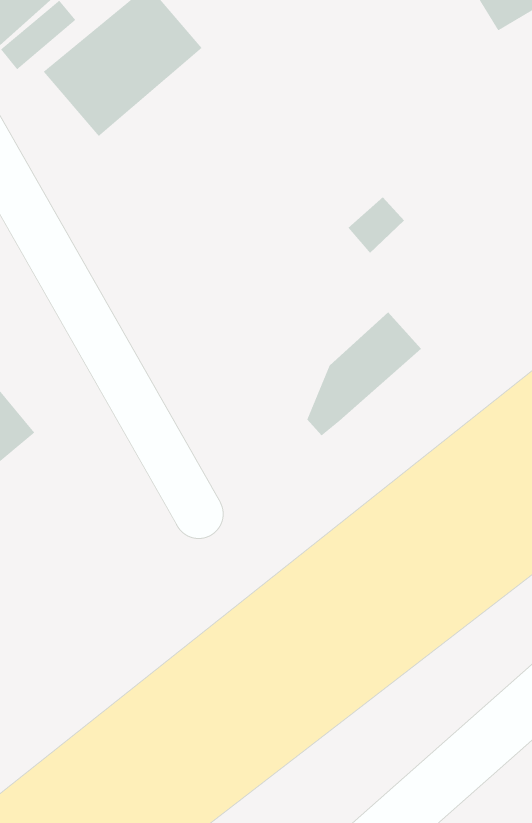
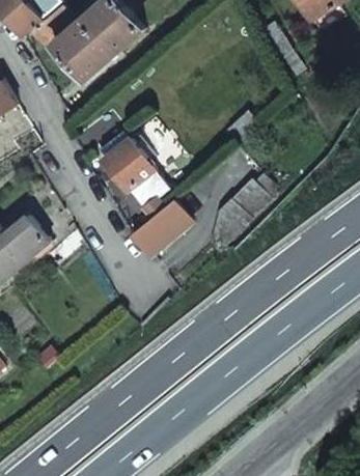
building: none -> [105,139,168,209]
building: none -> [133,202,191,258]

